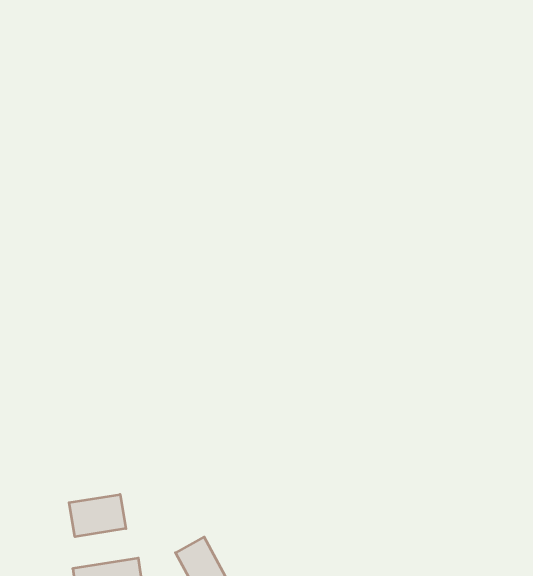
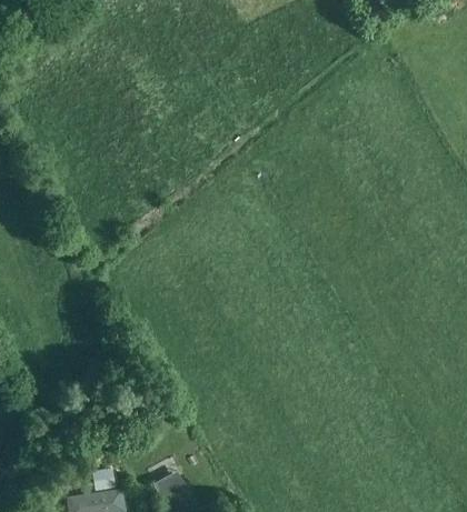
building: [69,494,126,537] -> none

